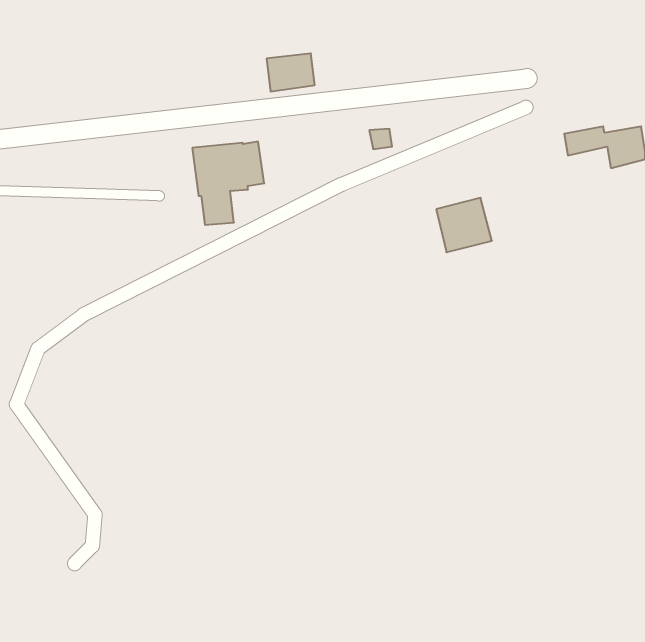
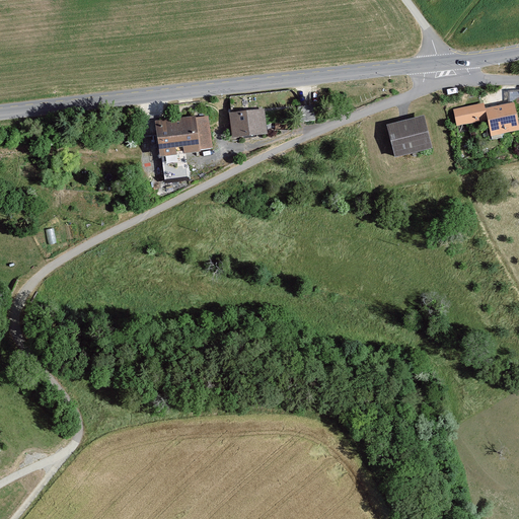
building: [267,53,315,91] -> [229,108,268,139]
building: [436,198,492,252] -> [387,115,432,158]

